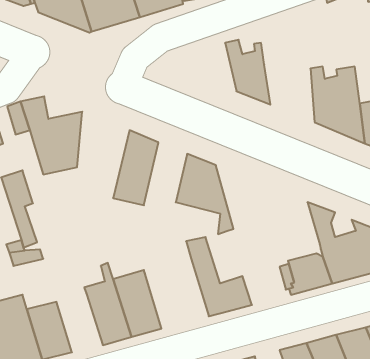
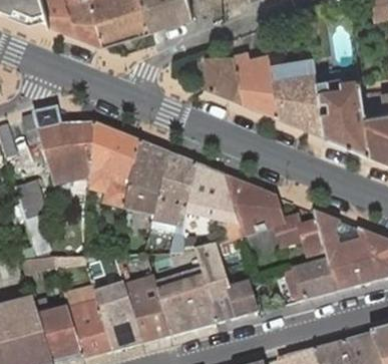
building: none -> [203,54,244,101]
building: none -> [269,55,320,131]
building: none -> [88,121,139,206]
building: none -> [150,151,196,251]
building: none -> [224,173,325,255]
building: none -> [154,265,217,333]
building: none -> [63,285,113,356]

